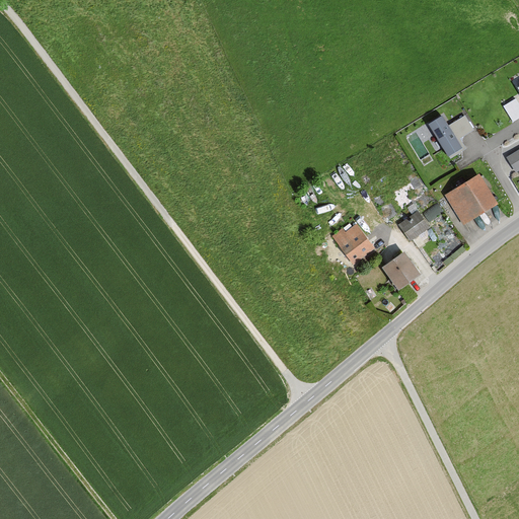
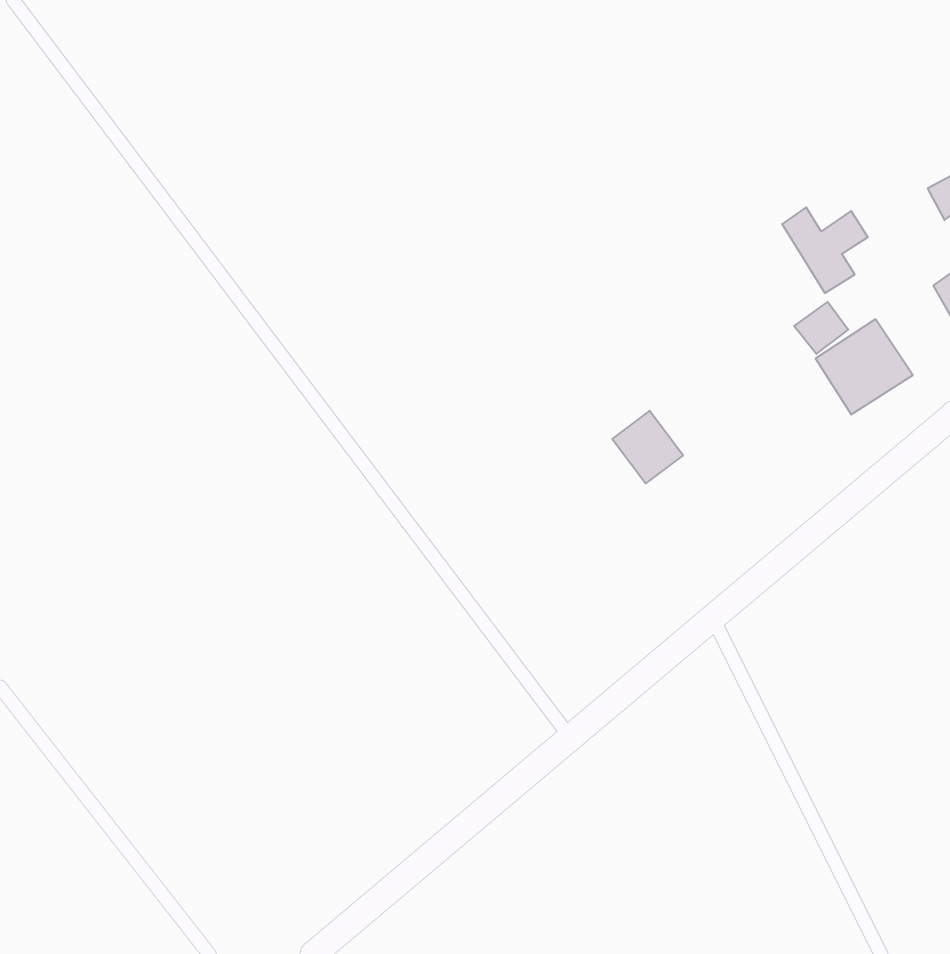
building: [397,211,427,239] -> [794,302,848,354]
building: [380,249,418,287] -> none

